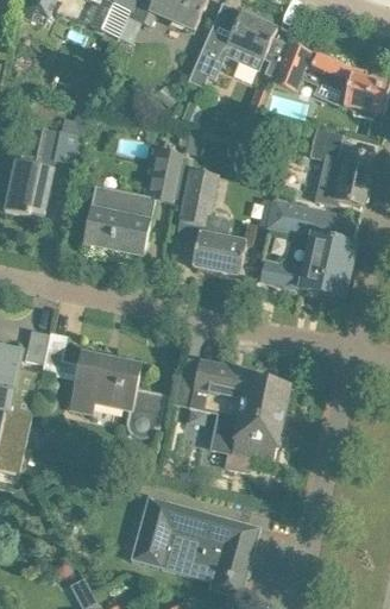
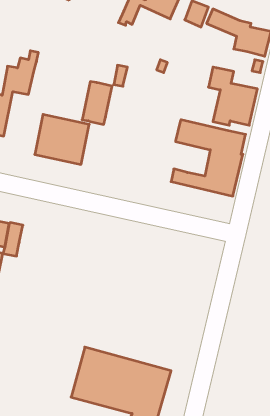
building: [177,167,244,274] -> none
building: [67,350,163,435] -> none
building: [180,358,288,470] -> none

